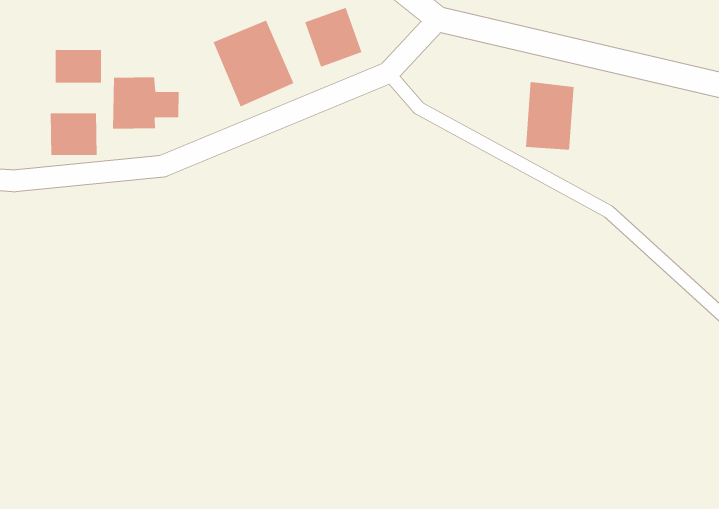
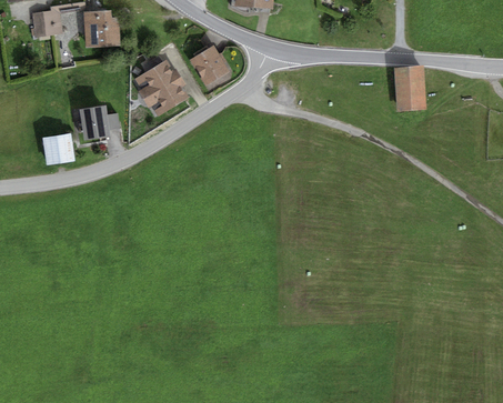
building: [55,49,102,83] -> none
building: [525,81,574,151] -> [395,67,426,109]

